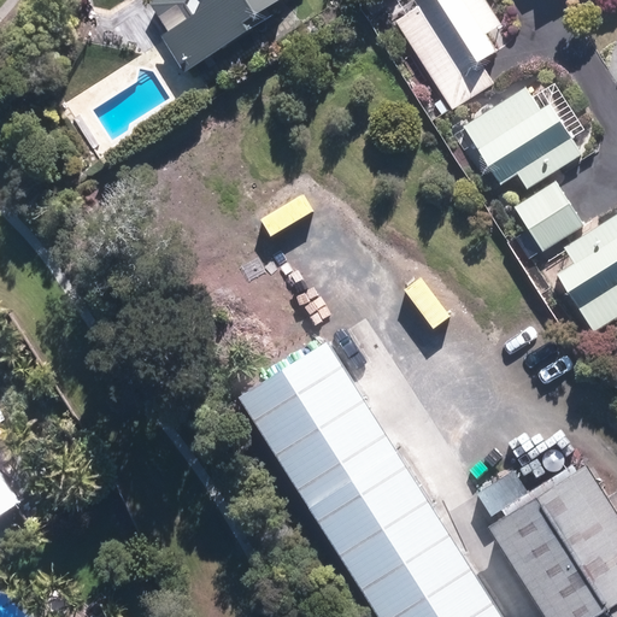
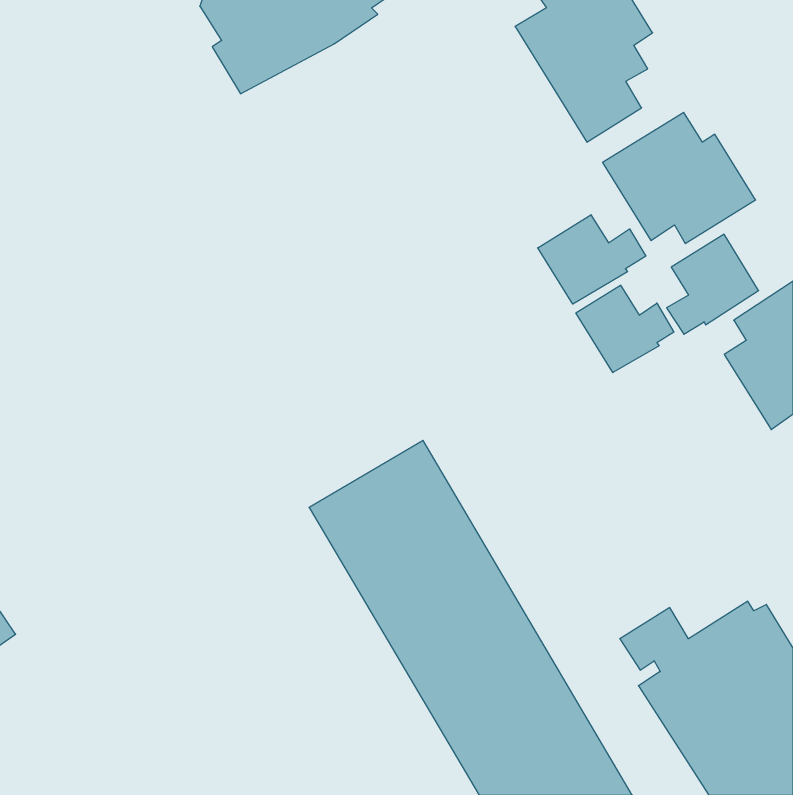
building: none -> [538,215,646,304]
building: none -> [576,285,674,373]

